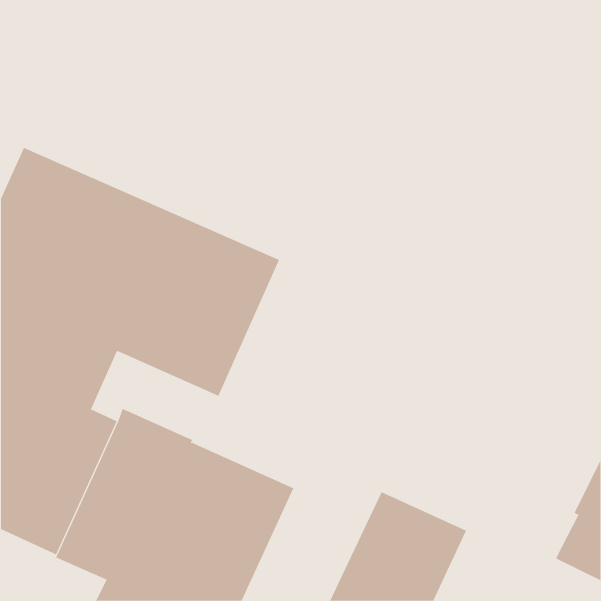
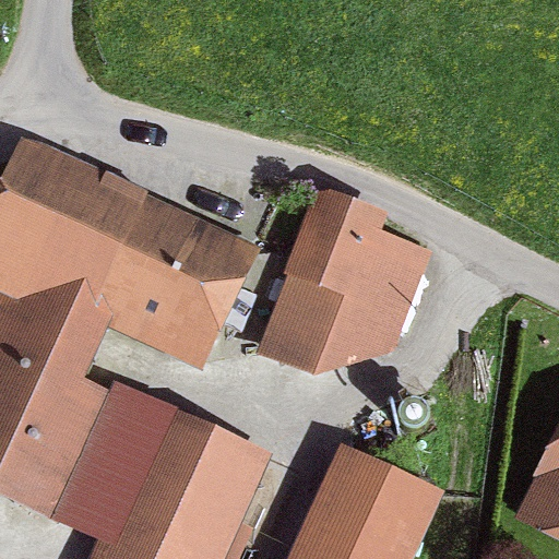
building: none -> [257,185,430,377]

